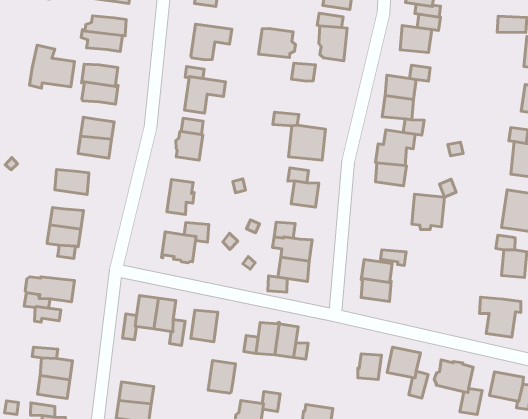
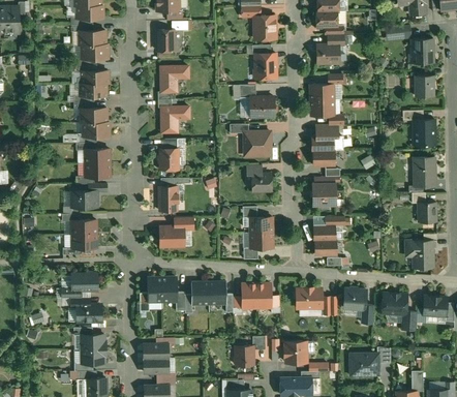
building: [258,28,295,57] -> [250,97,277,118]
building: [30,45,74,88] -> none
building: [412,194,444,229] -> [312,183,336,210]
building: none -> [77,305,101,322]
building: none -> [295,288,322,309]
building: [208,361,235,393] -> [209,282,226,305]

